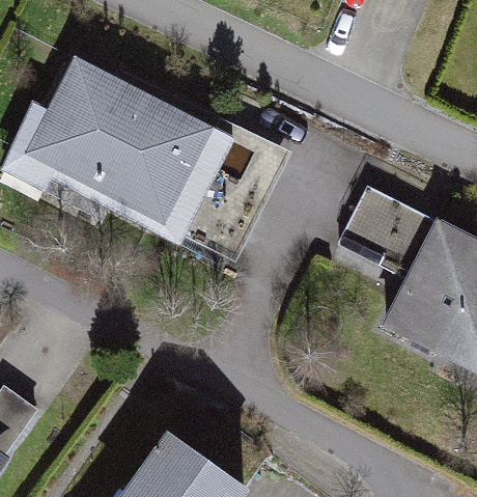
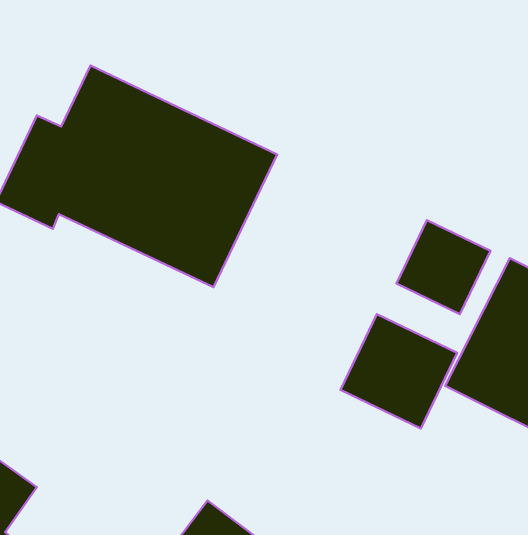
building: none -> [340,314,457,429]

